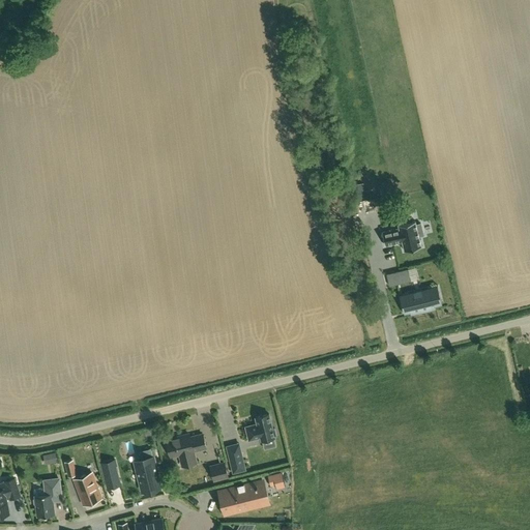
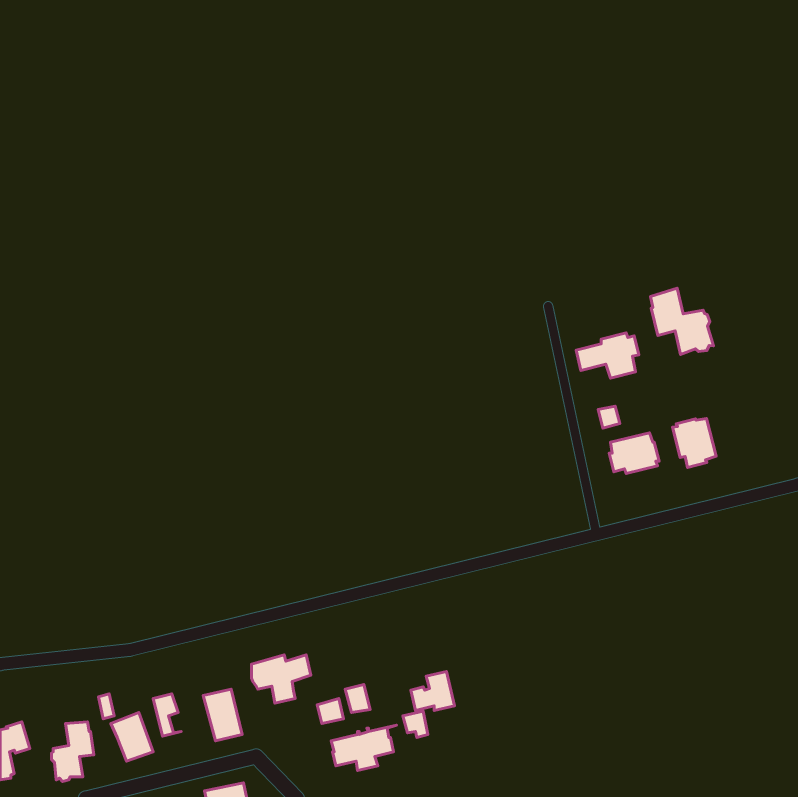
building: none -> [651,288,713,355]
building: none -> [673,418,716,467]
building: [245,415,274,441] -> [411,671,454,710]

